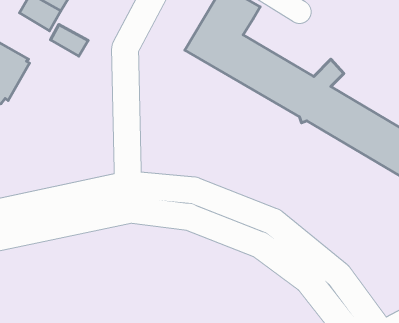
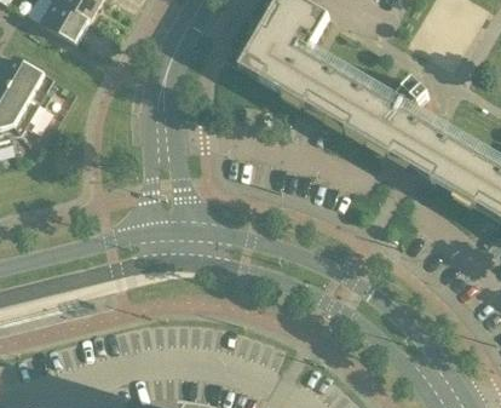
building: [50,25,88,56] -> none

